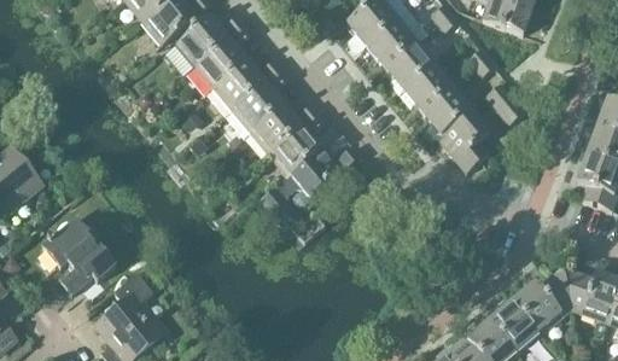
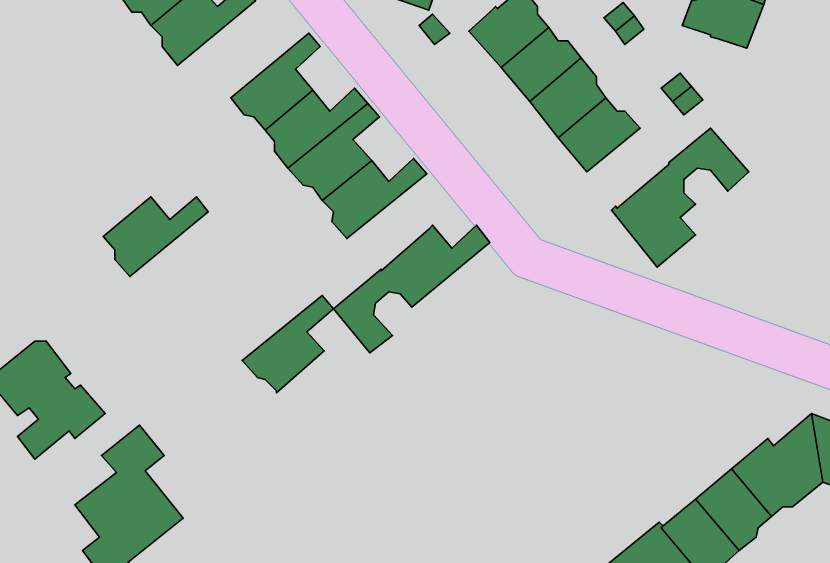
building: [179,14,245,65] -> [103,197,208,277]
building: [421,85,473,135] -> none
building: [269,113,327,175] -> [242,296,334,393]

